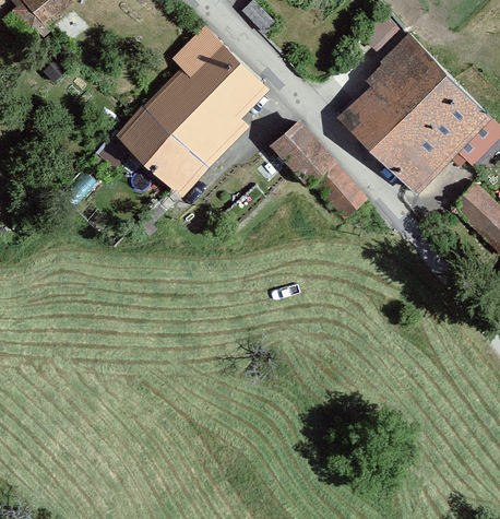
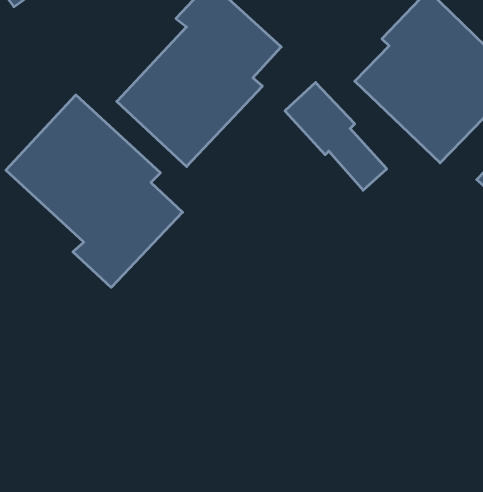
building: none -> [6,95,183,287]

